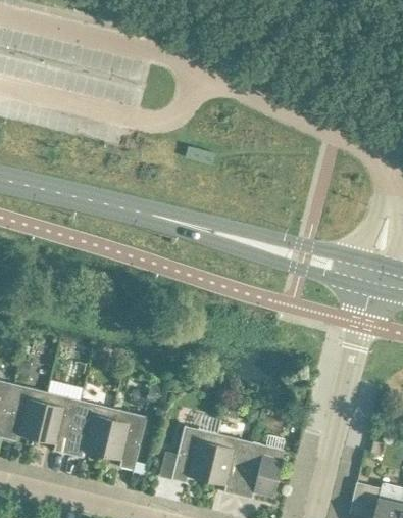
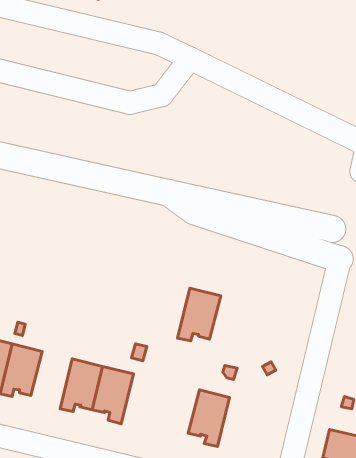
building: [35,391,80,454] -> none
building: [170,425,217,482] -> [178,288,221,341]
building: [237,441,283,499] -> none

